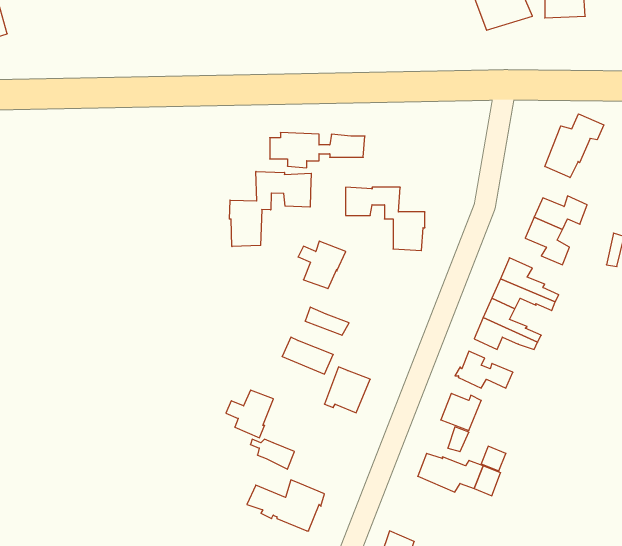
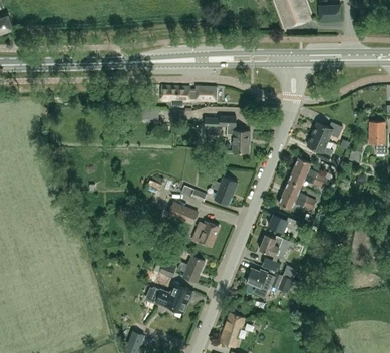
building: [545,114,604,178] -> none
building: [229,171,311,247] -> none
building: [298,241,346,289] -> [211,178,238,205]
building: [226,390,273,438] -> [177,256,205,283]

